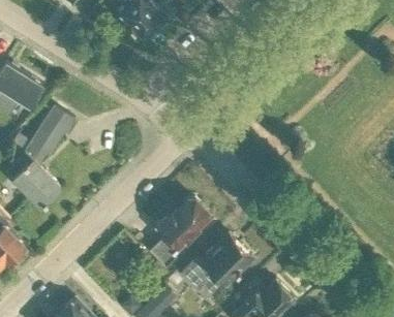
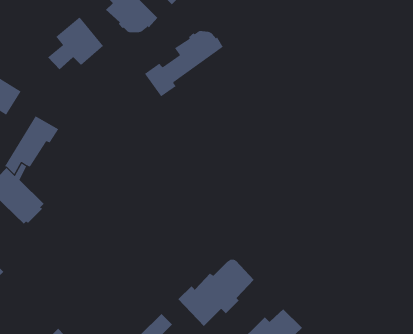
building: none -> [47,16,104,70]
building: none -> [144,30,223,97]
building: [149,198,211,266] -> none

